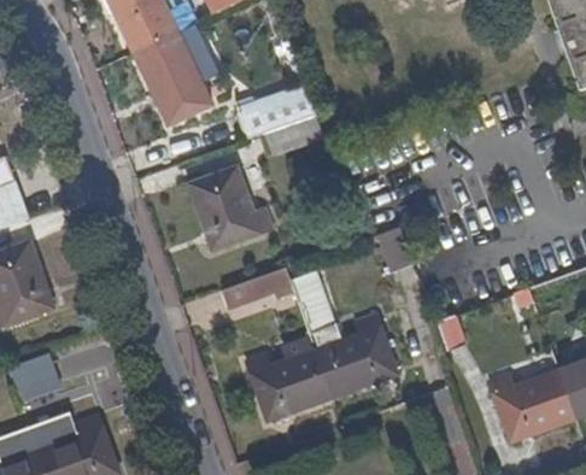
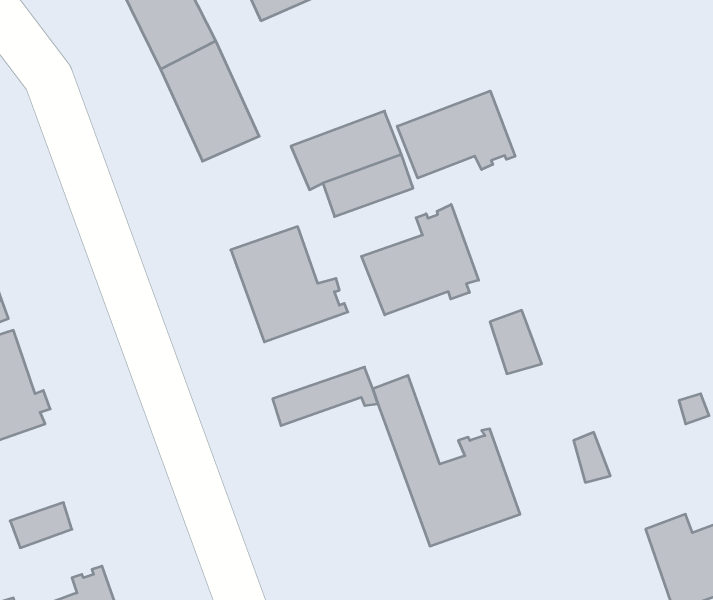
building: none -> [397,91,515,178]
building: none -> [361,204,479,315]
building: [244,336,332,420] -> none

